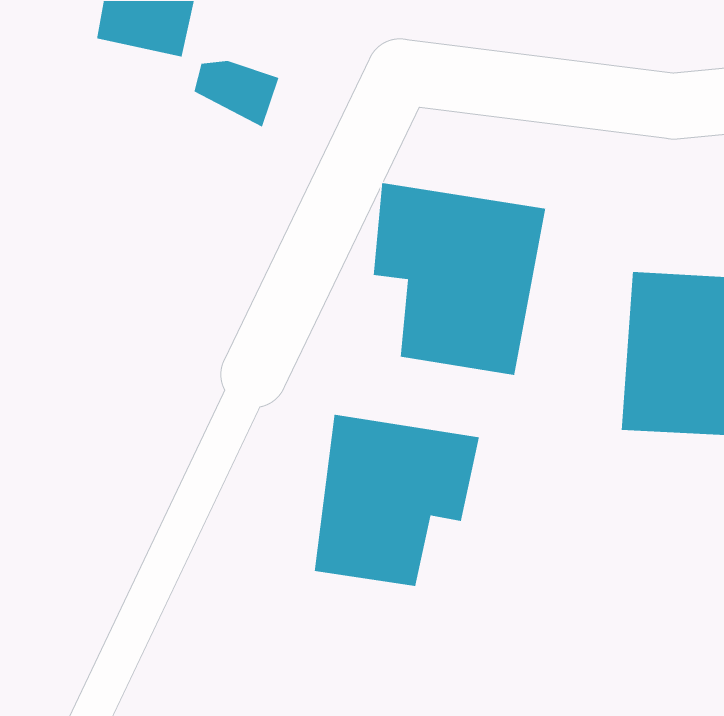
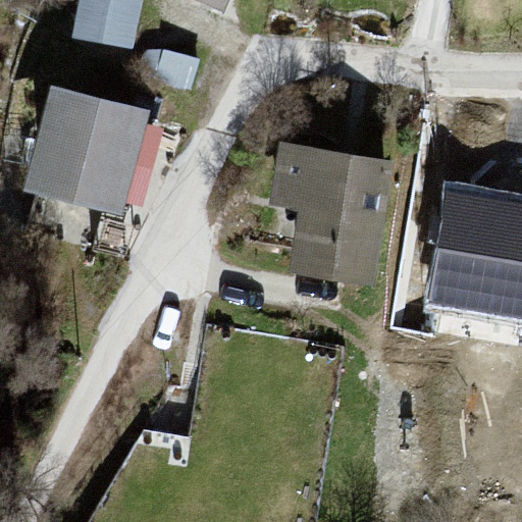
building: none -> [16,79,154,219]
building: [314,414,480,587] -> none

